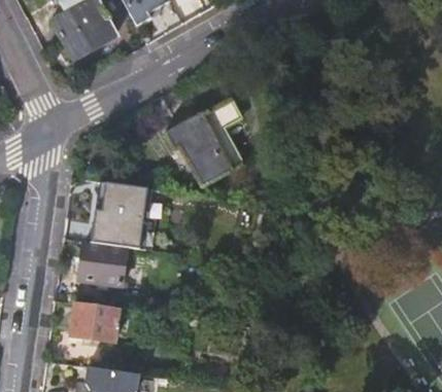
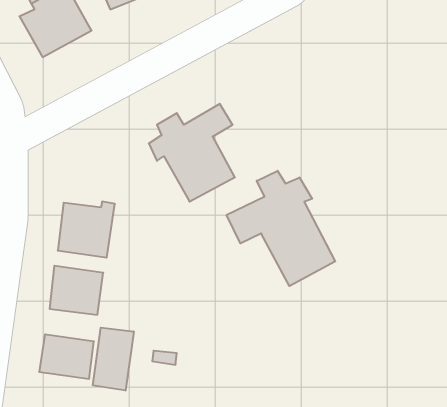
building: none -> [227,171,335,286]
building: none -> [93,328,134,391]

